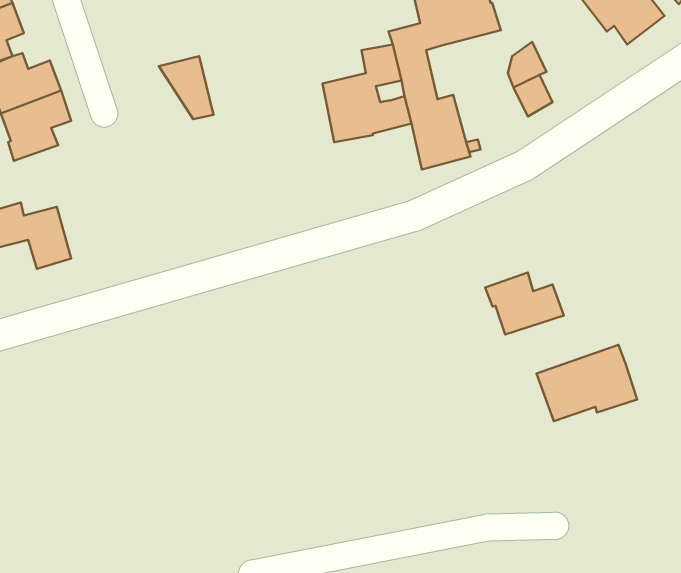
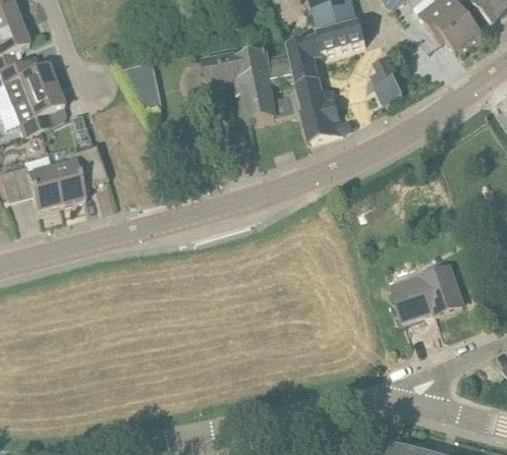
building: none -> [203,51,269,84]
building: none -> [50,147,103,204]
building: [485,273,564,334] -> none

